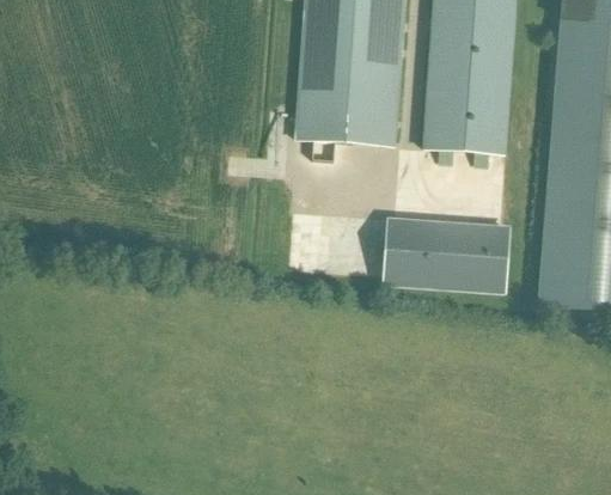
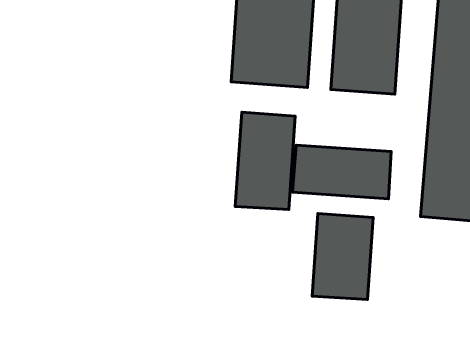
building: none -> [235,112,295,210]
building: none -> [312,213,373,299]

